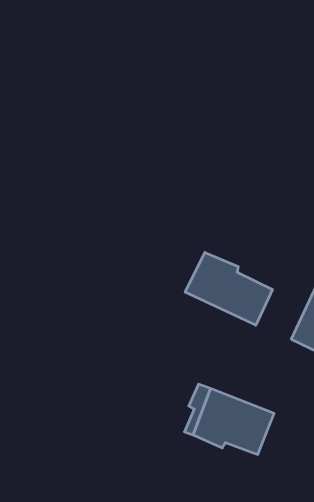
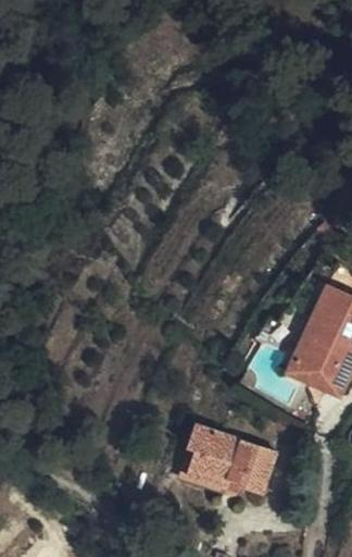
building: [185,252,272,325] -> none

